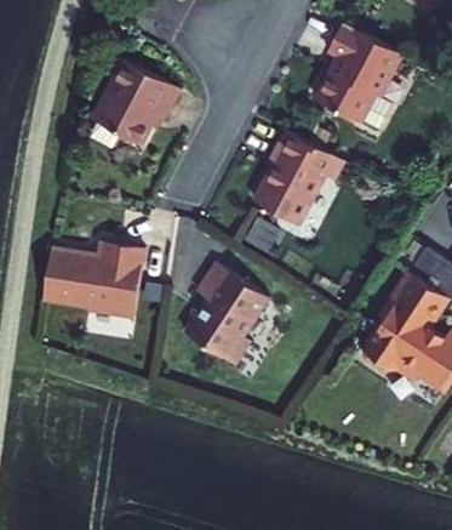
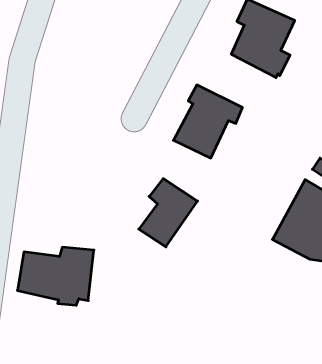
building: [91,63,191,155] -> none
building: [40,235,139,310] -> [17,247,94,305]

